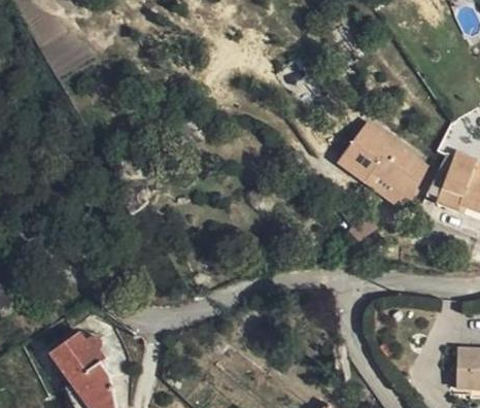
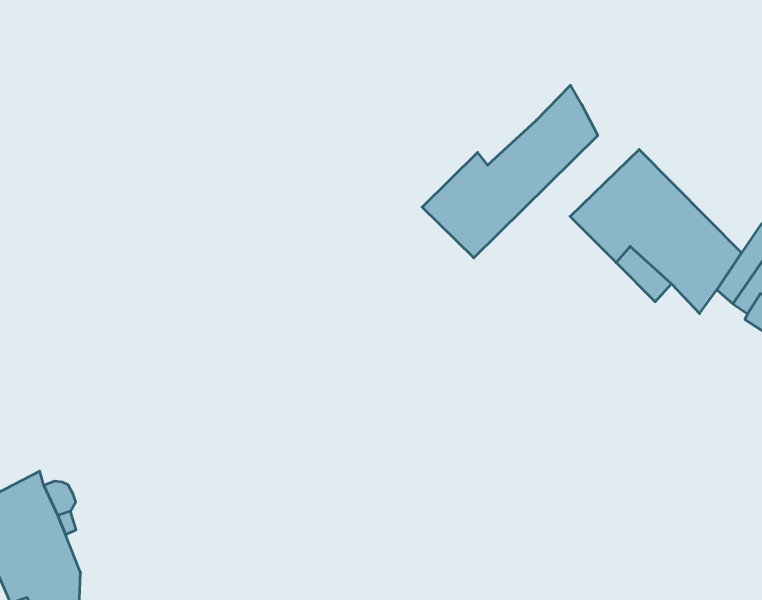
building: none -> [422,85,598,258]

